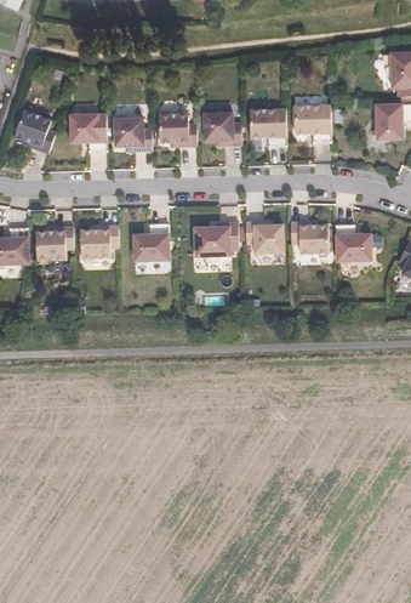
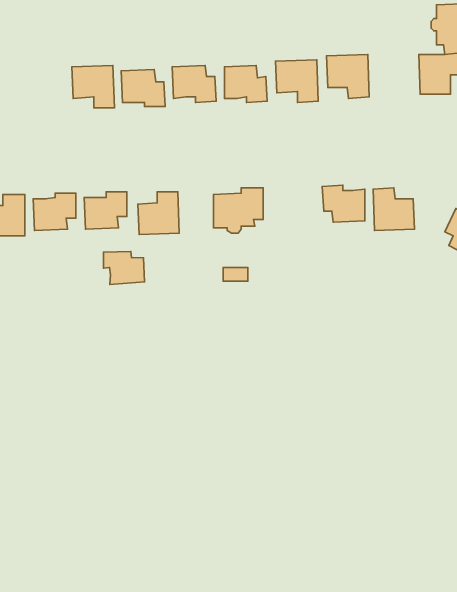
building: [13,109,55,152] -> none
building: [245,220,282,252] -> none
building: none -> [103,251,145,284]

